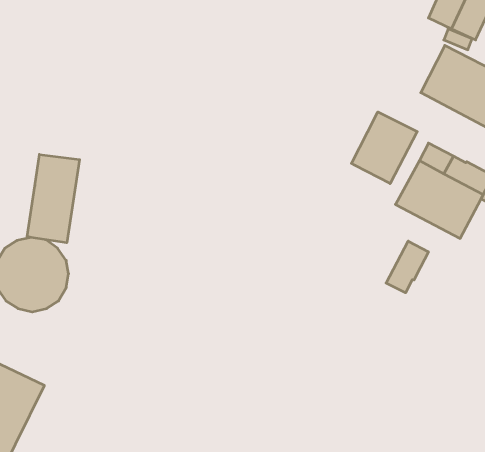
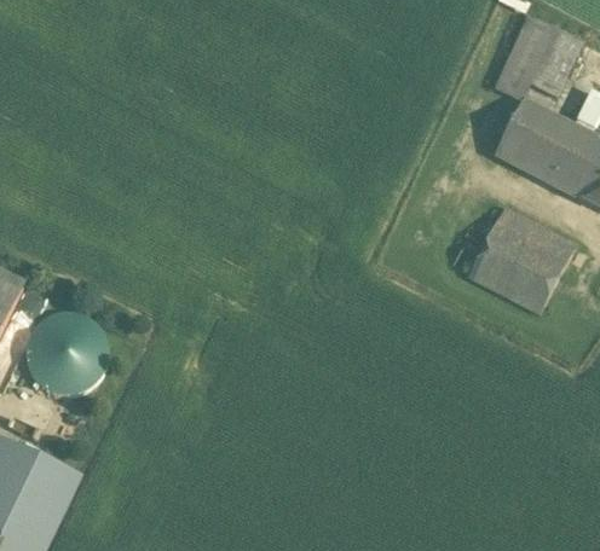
building: [351,112,417,184] -> none
building: [27,154,80,243] -> none
building: [386,241,428,293] -> none

